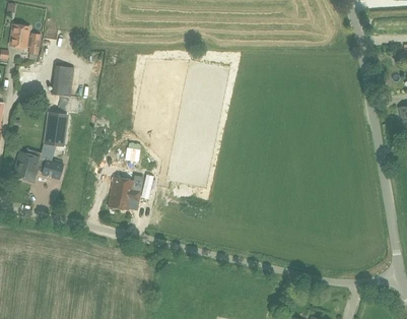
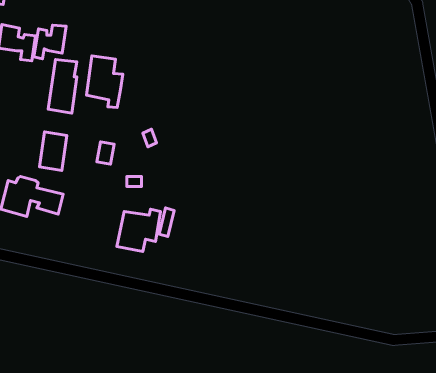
building: none -> [34,25,66,59]
building: none -> [87,56,123,108]

